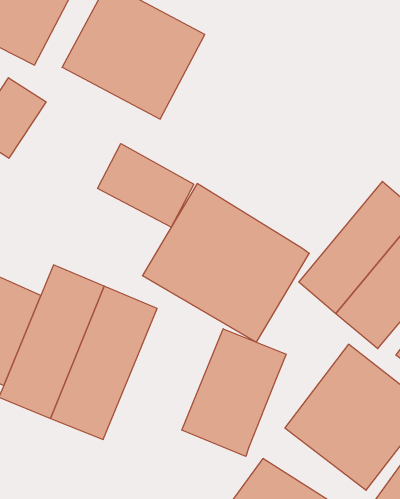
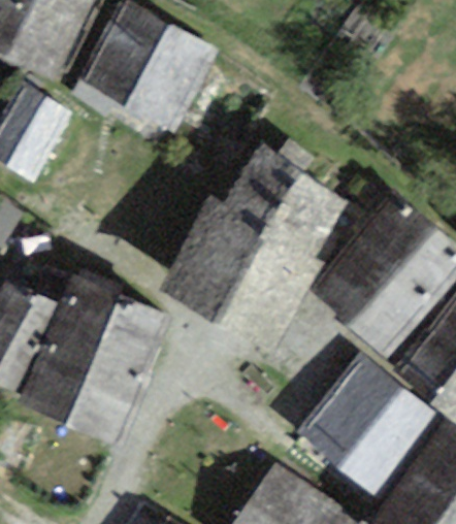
building: none -> [225,138,349,259]
building: [98,144,194,227] -> none
building: [182,329,286,456] -> none

